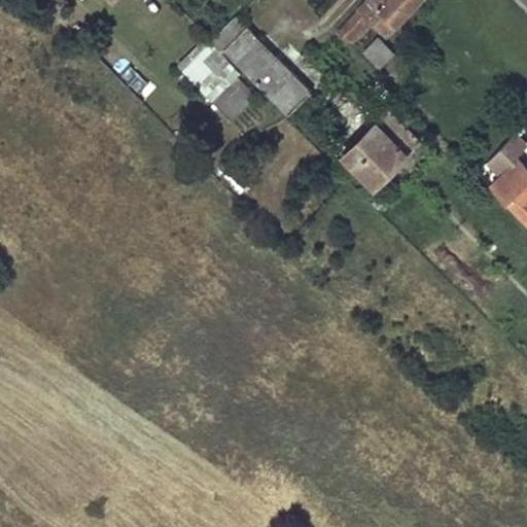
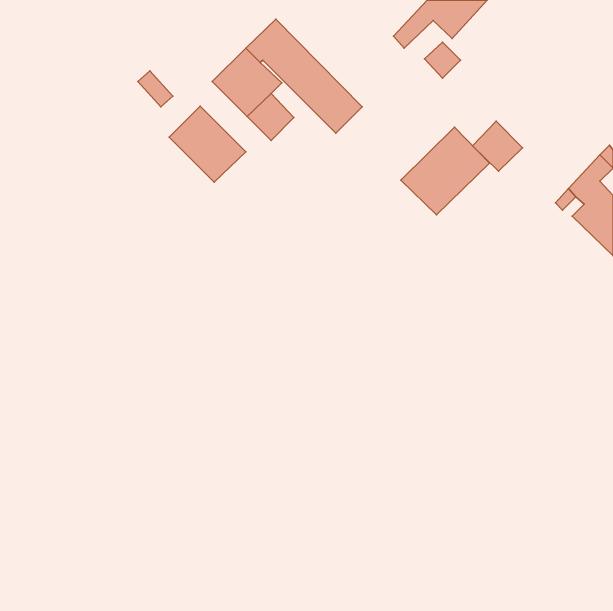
building: none -> [169,106,246,182]
building: none -> [472,121,522,171]

